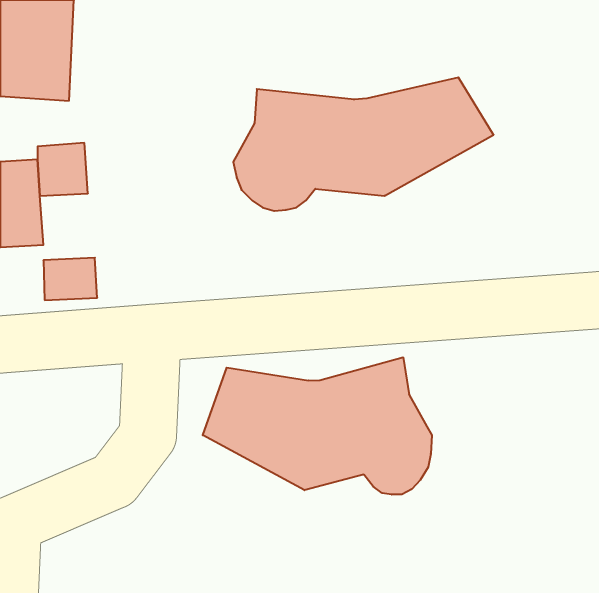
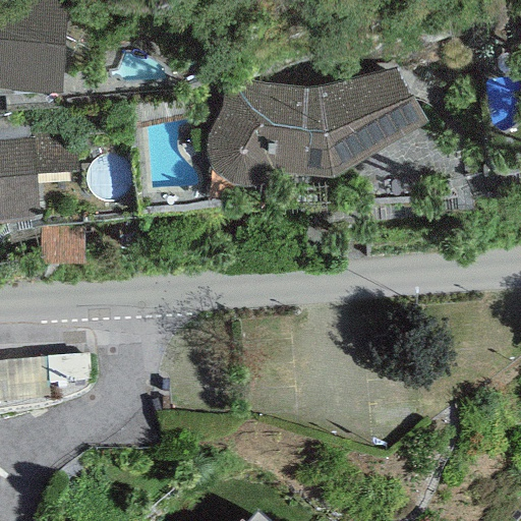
building: [203,357,432,495] -> none

